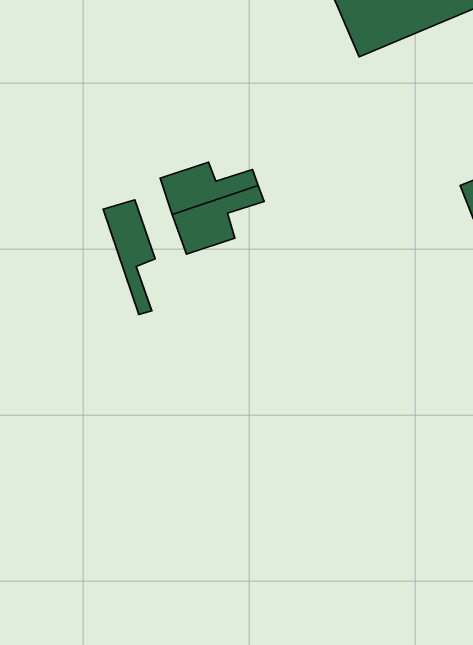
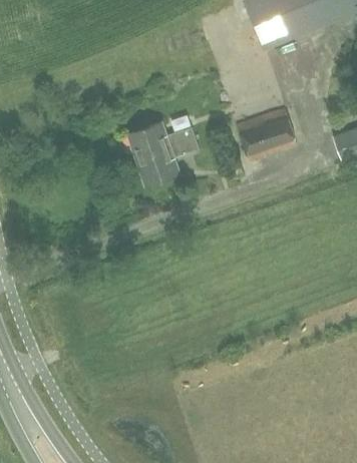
building: none -> [237,108,297,161]
building: [103,200,155,315] -> none

